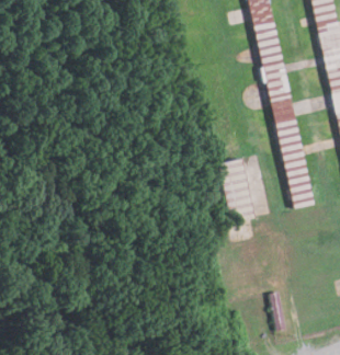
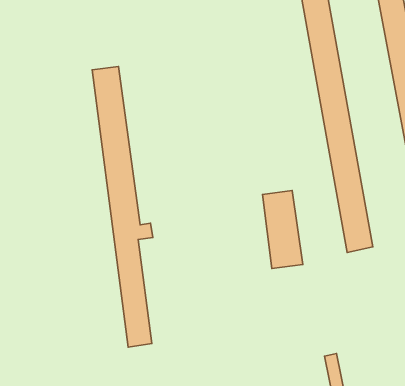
building: none -> [92,67,153,347]

